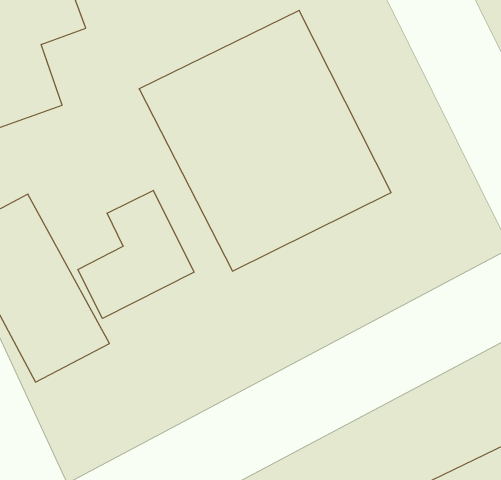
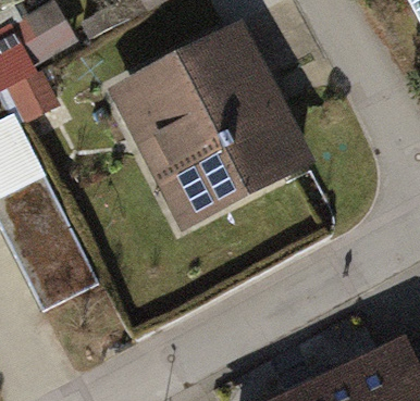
building: [78,190,194,318] -> none

